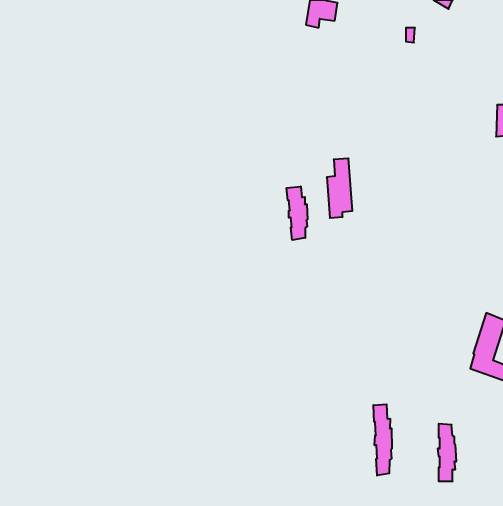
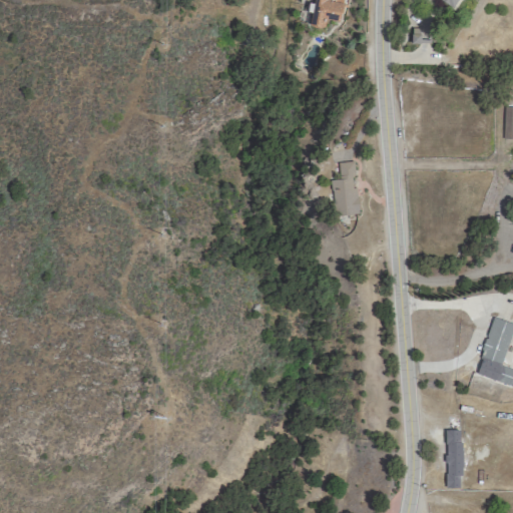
building: [287,186,307,240] -> none
building: [373,404,392,476] -> none

